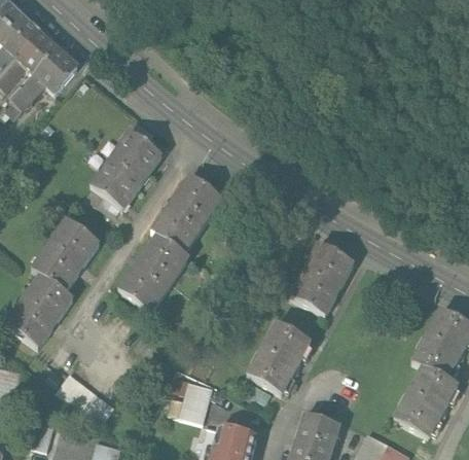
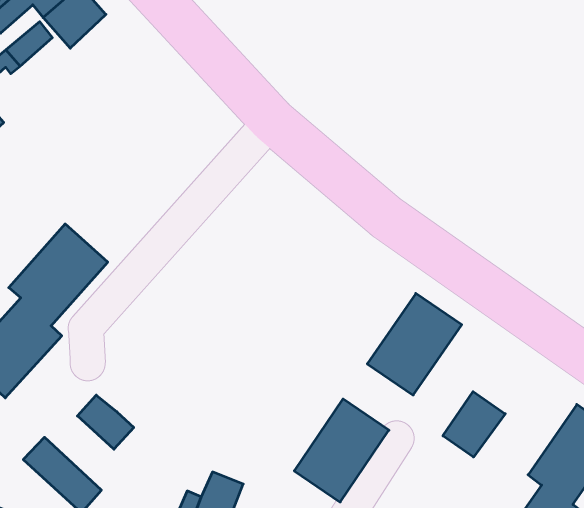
building: [92,131,163,207] -> none
building: [119,172,223,310] -> none
building: none -> [443,392,505,457]
building: none -> [77,395,134,449]

